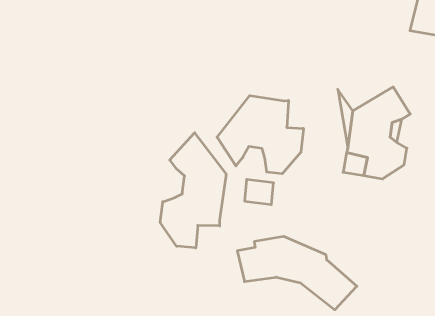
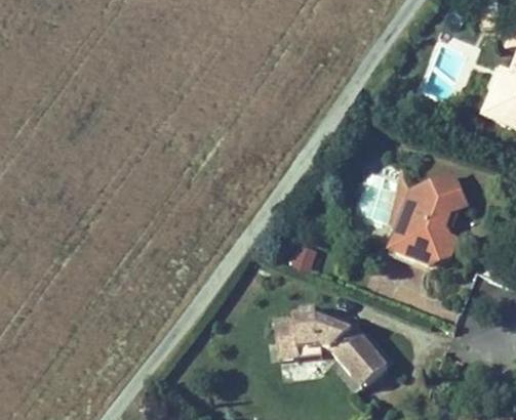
building: [217,96,303,174] -> none
building: [160,133,226,248] -> none

